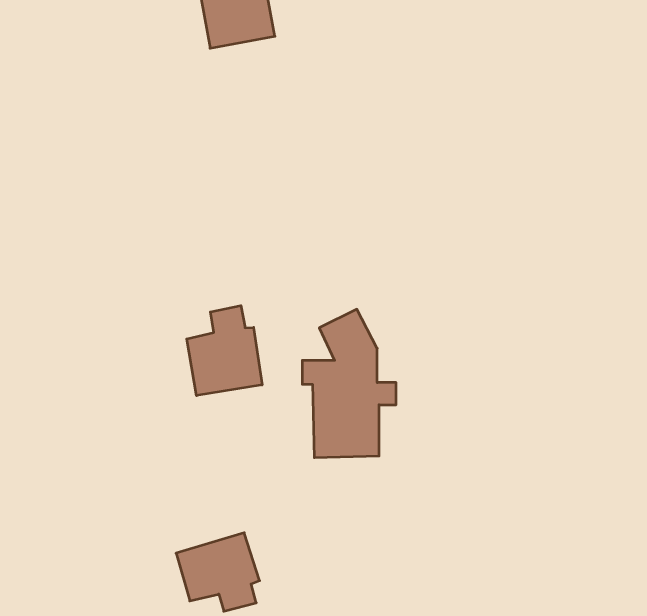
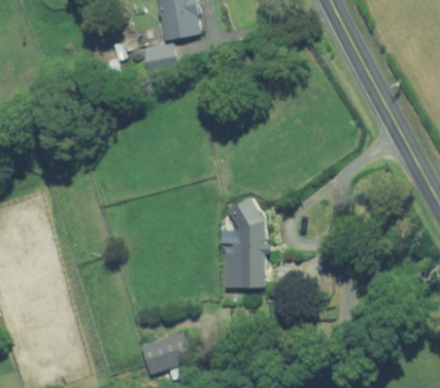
building: none -> [143,44,176,74]
building: [187,306,262,396] -> none

